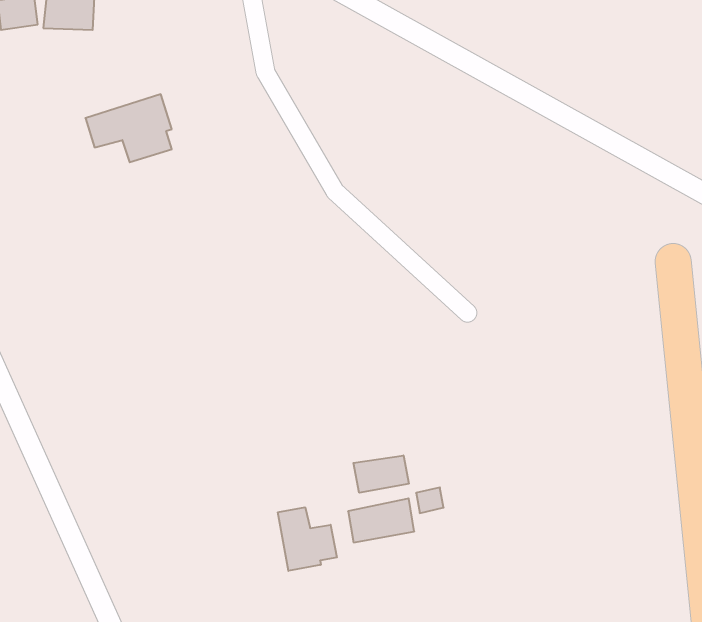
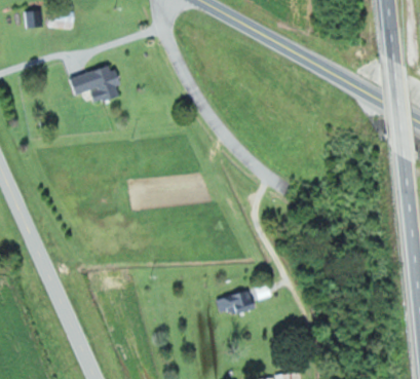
building: [353,455,409,493] -> none
building: [278,507,337,571] -> none

